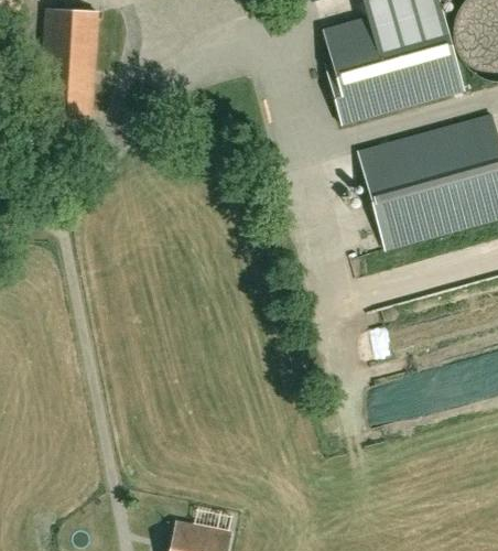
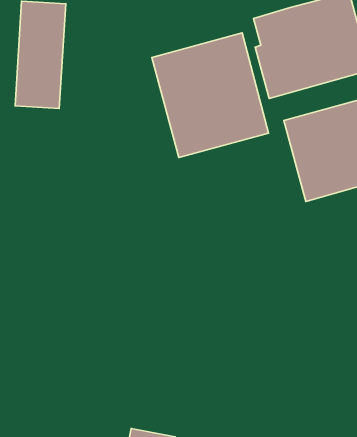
building: none -> [152,33,268,157]

